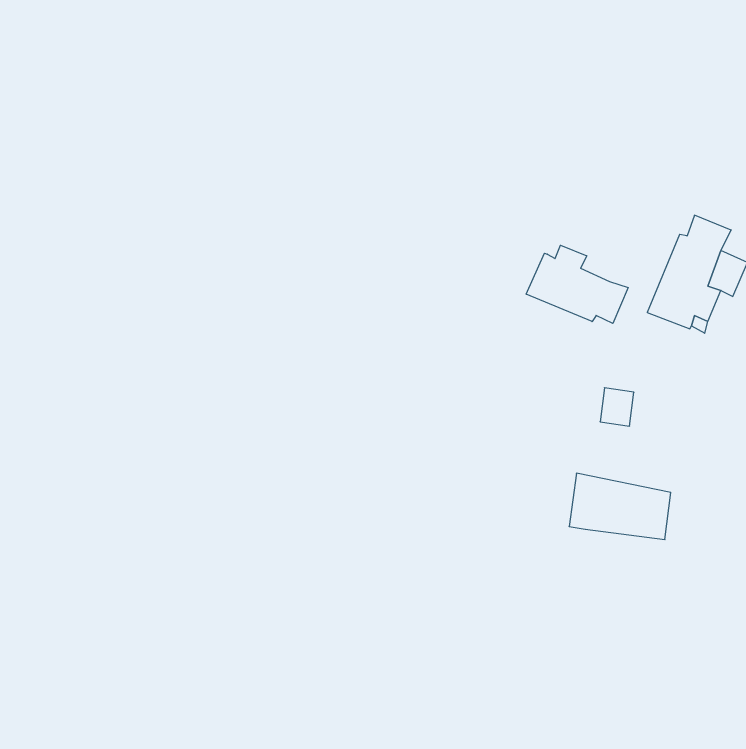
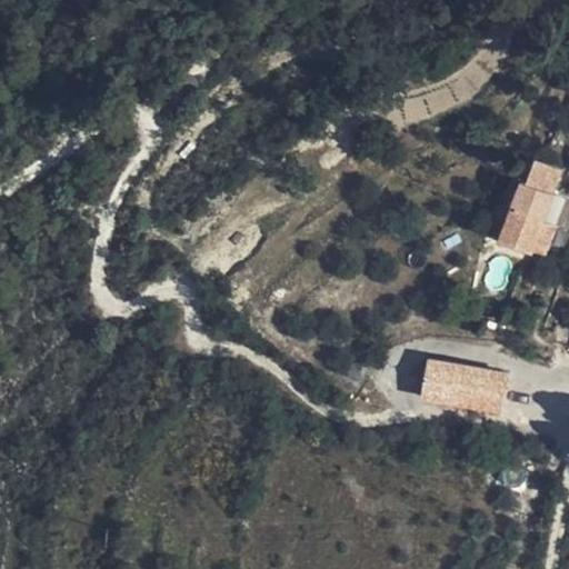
building: [526,245,628,323] -> none

